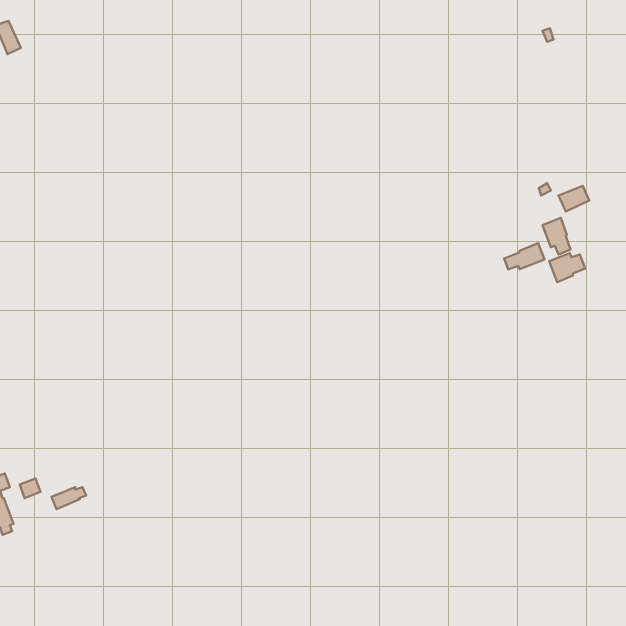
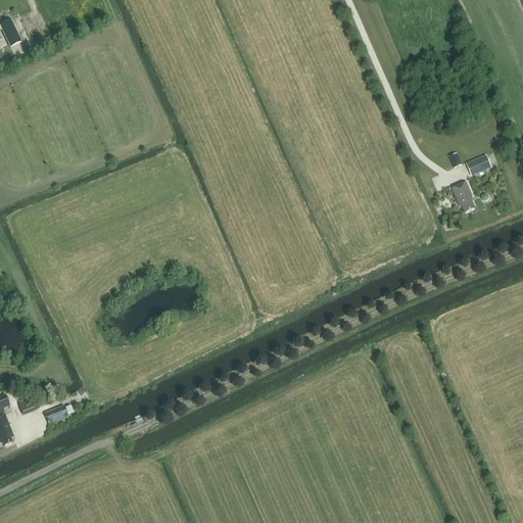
building: [504,243,544,269] -> none
building: [549,253,585,282] -> none

